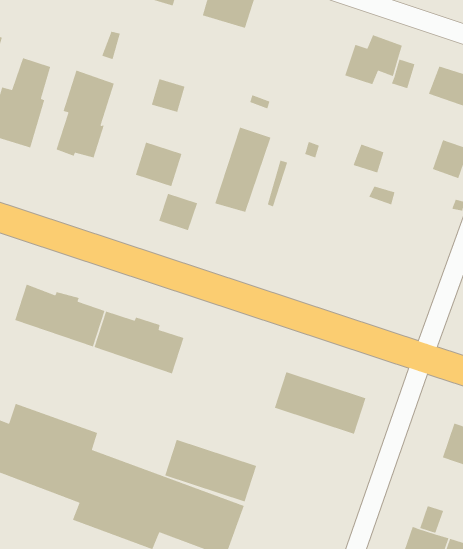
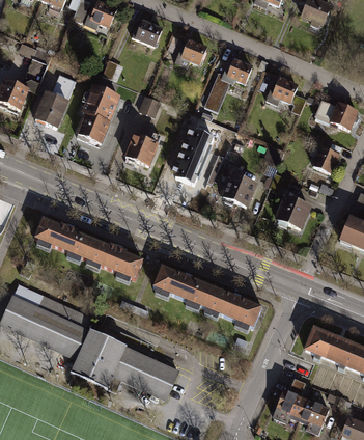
building: none -> [204,57,255,112]
building: [158,193,198,231] -> none
building: none -> [224,174,255,204]
building: none -> [277,196,309,228]
building: [164,439,257,503] -> [152,265,212,308]

